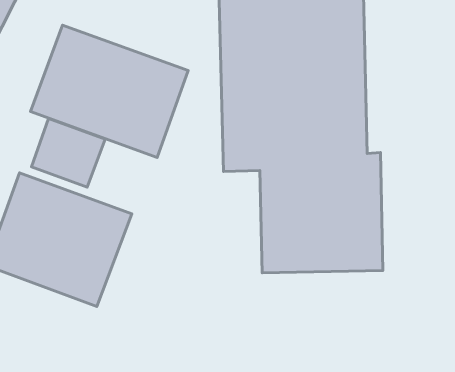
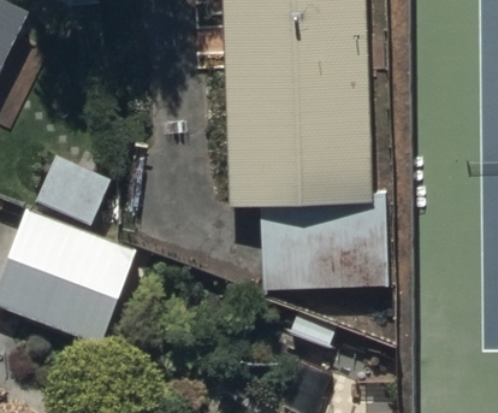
building: [31,25,188,158] -> none

